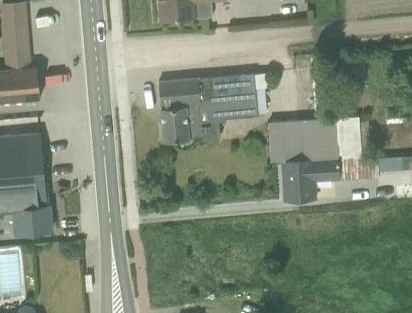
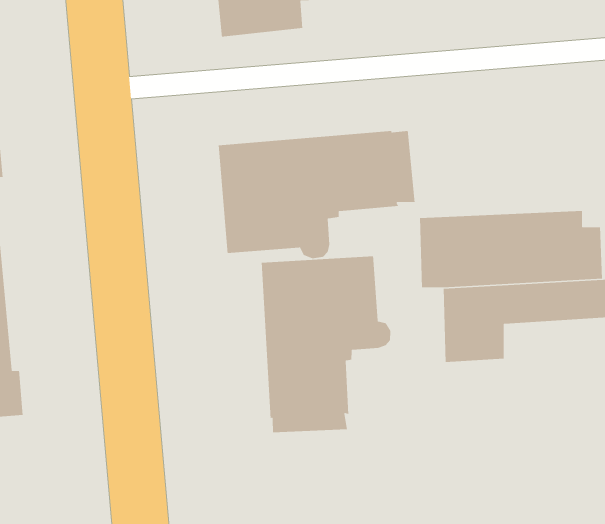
building: none -> [261,256,391,433]

